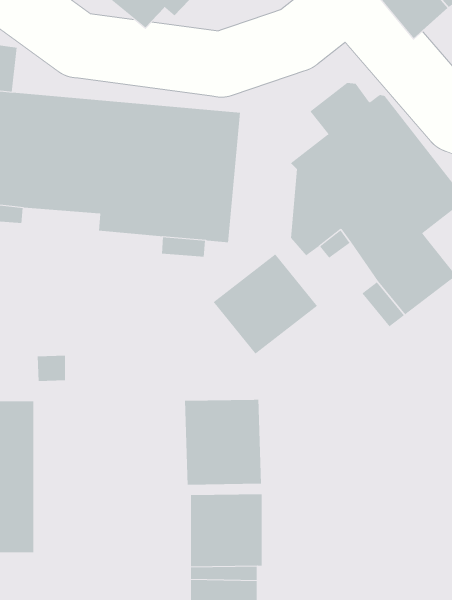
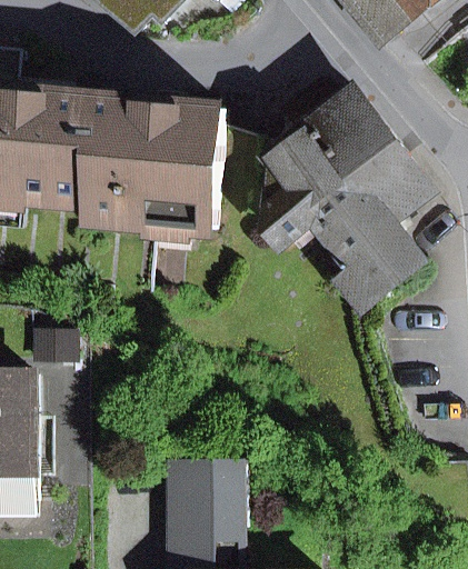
building: [213,254,318,355] -> none
building: [185,399,261,485] -> none

